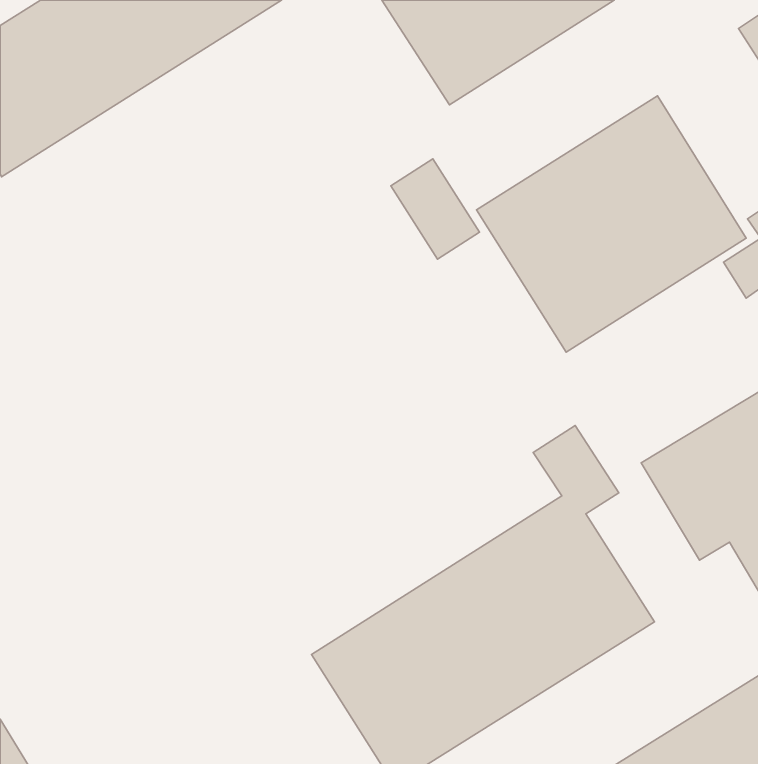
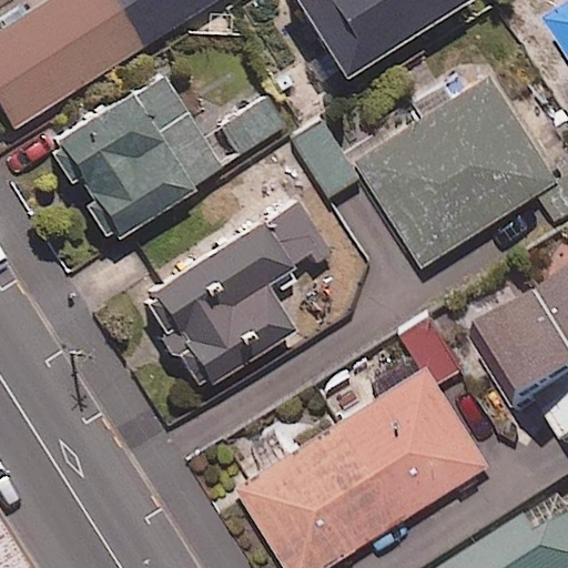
building: none -> [49,72,284,242]
building: none -> [145,203,327,389]

